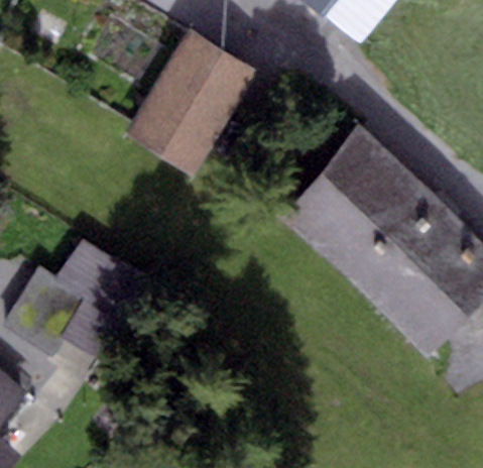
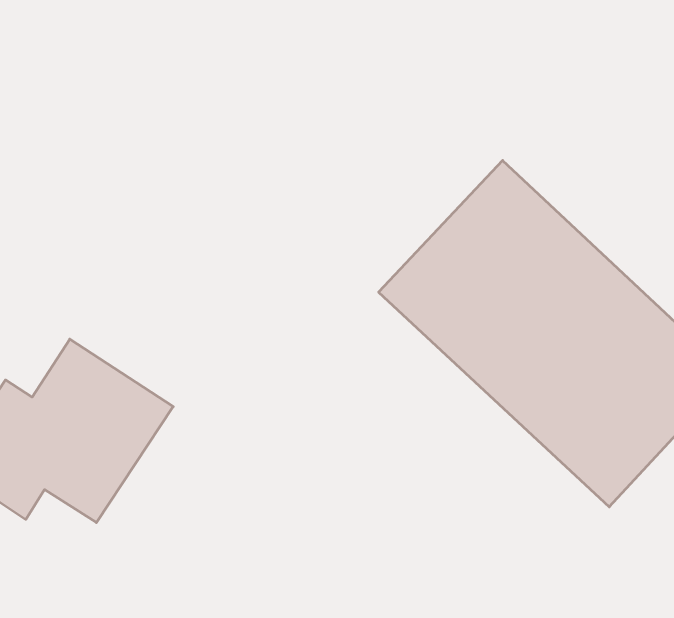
building: [126,29,256,173] -> none

